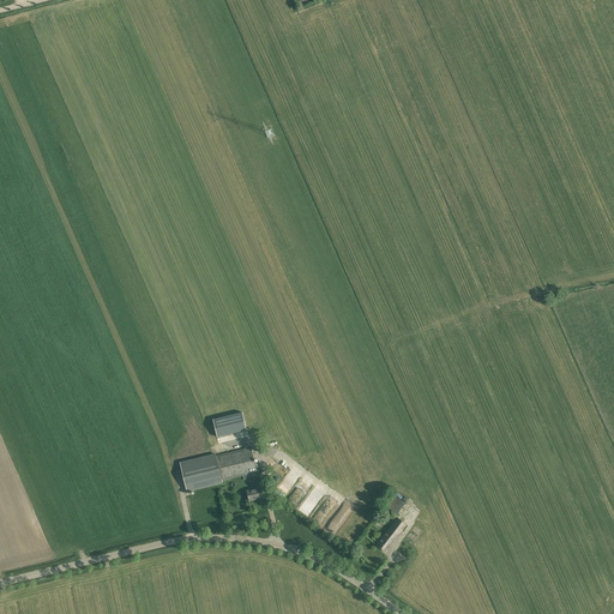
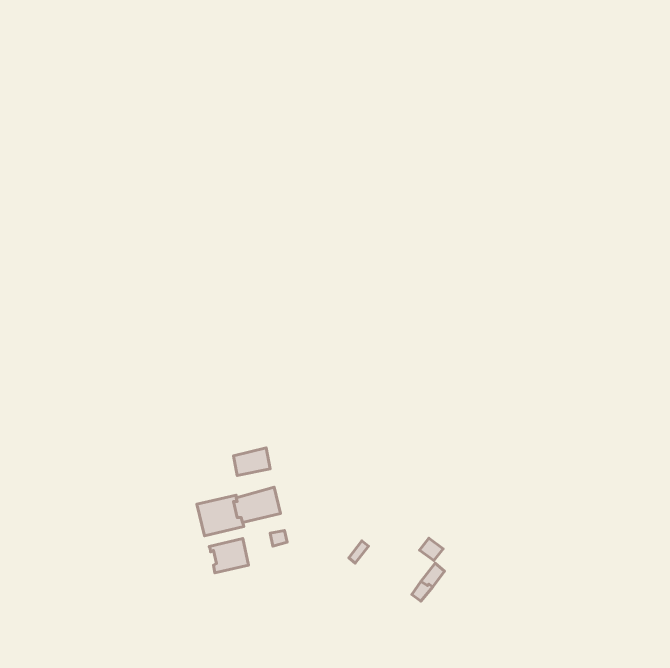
building: none -> [209,539,249,573]

